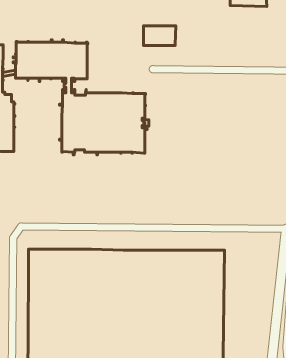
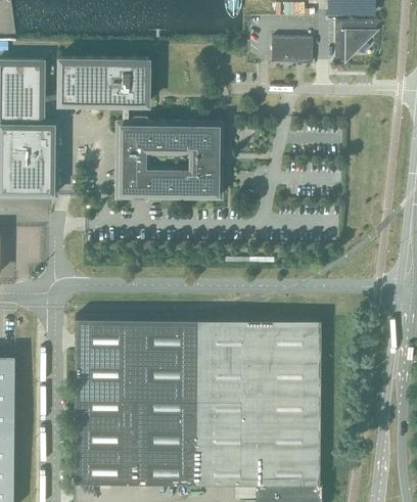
building: none -> [335,22,379,63]
building: [143,26,176,45] -> [272,40,313,64]

